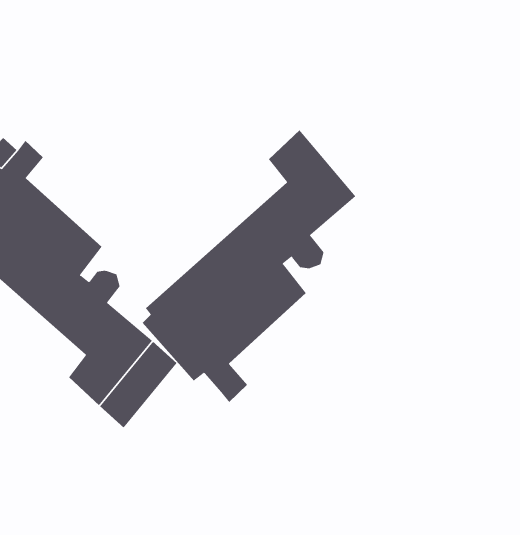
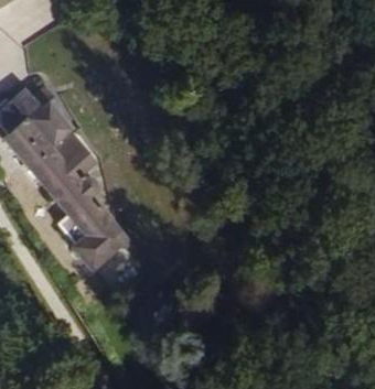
building: [142,130,356,403] -> none

